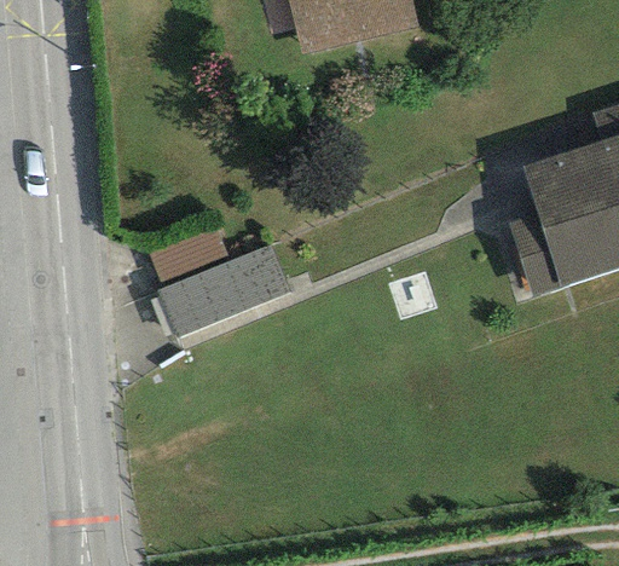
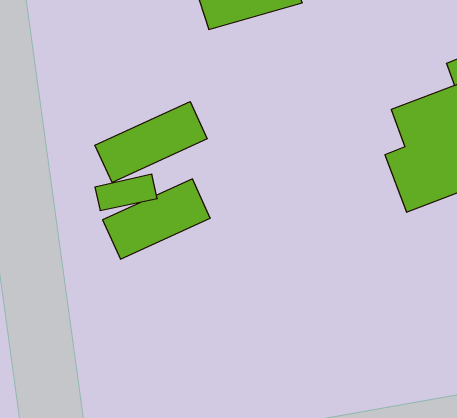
building: none -> [95,102,207,182]

